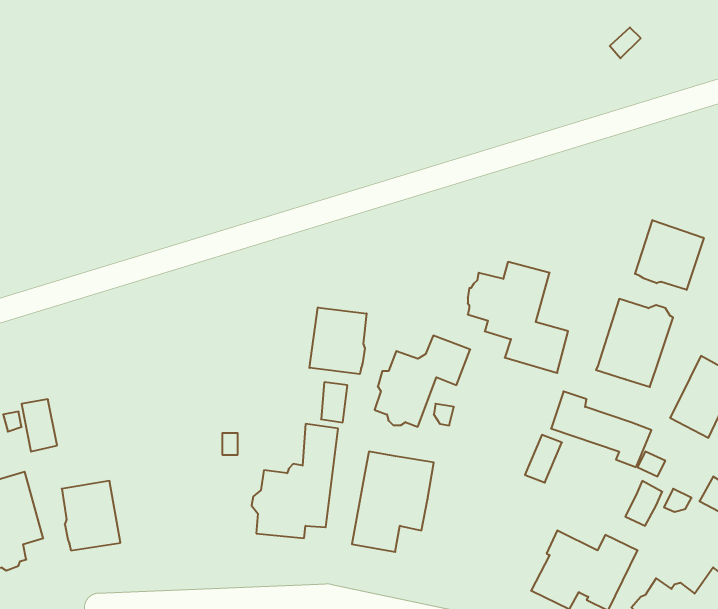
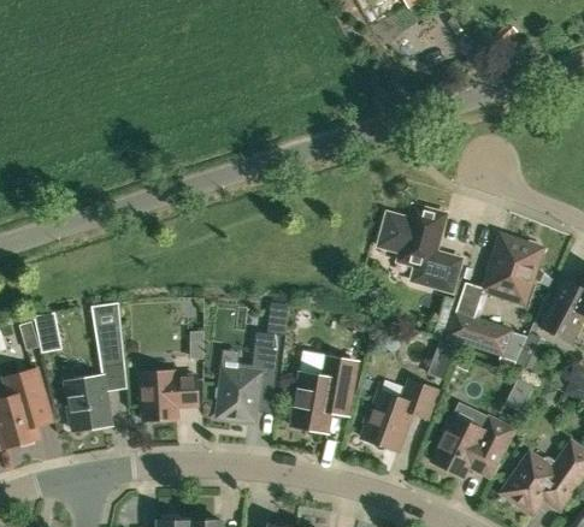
building: [635,220,704,290] -> none
building: [309,307,367,374] -> none
building: [375,336,470,427] -> [362,380,437,451]
building: none -> [92,303,124,367]
building: none -> [140,371,197,421]

